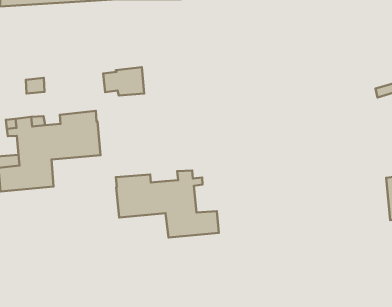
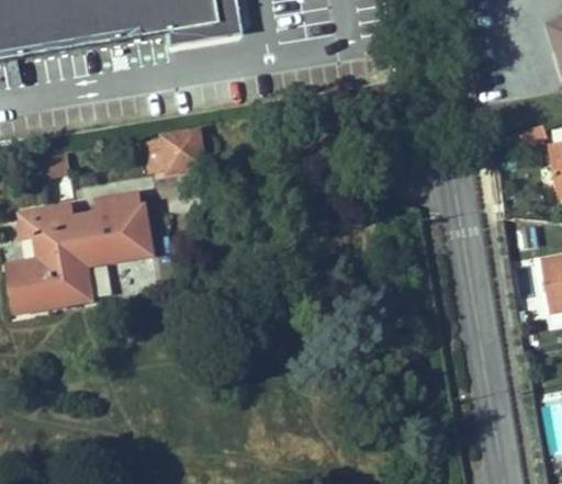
building: [116,170,219,237] -> none

